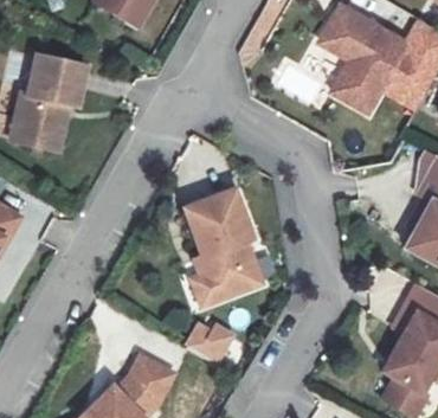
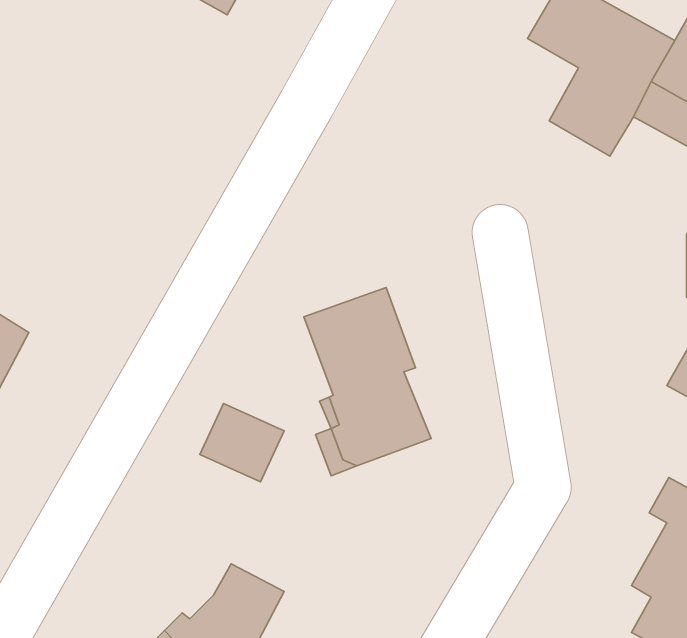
building: [17,53,88,149] -> none
building: [181,314,232,361] -> [200,403,284,482]

